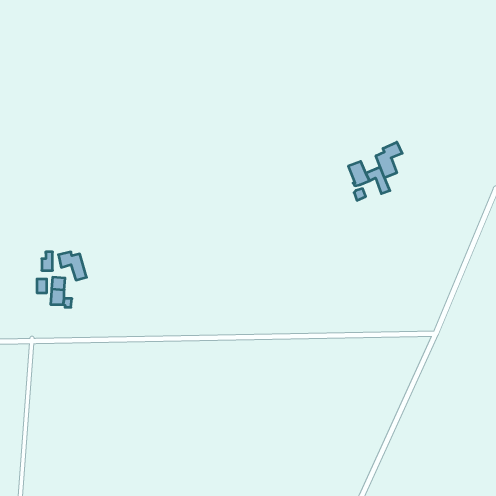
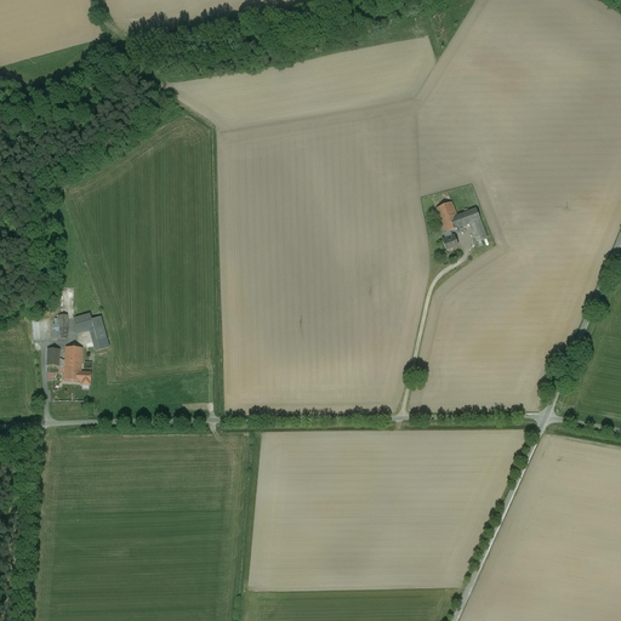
building: [376,142,402,178] -> none

